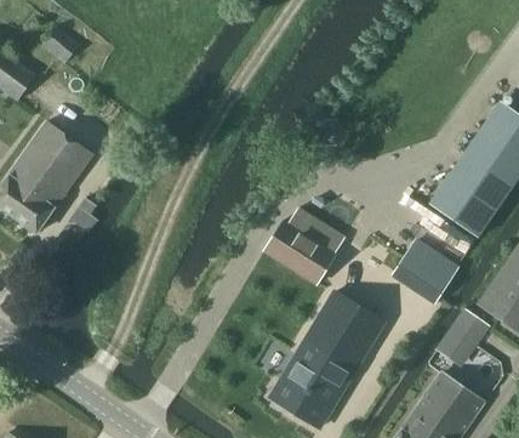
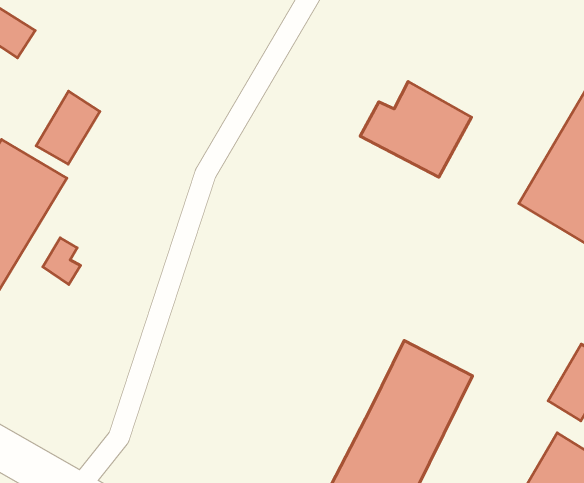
building: none -> [36,91,100,164]
building: [261,207,344,280] -> [360,82,472,177]
building: [390,238,460,305] -> none

